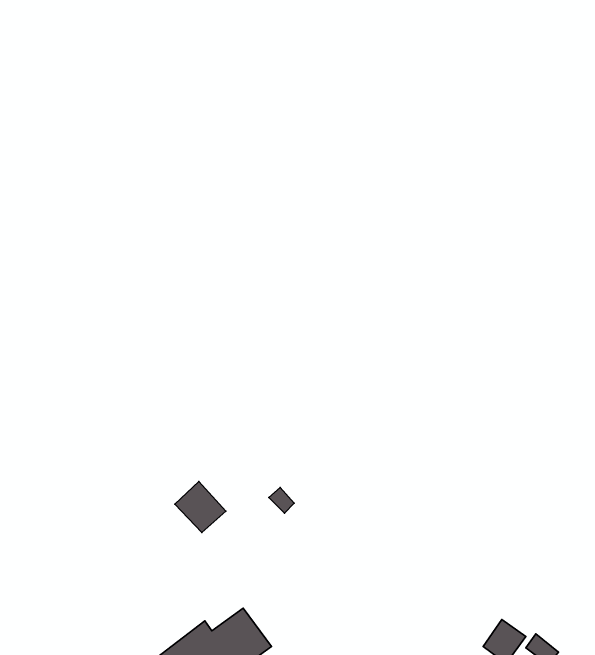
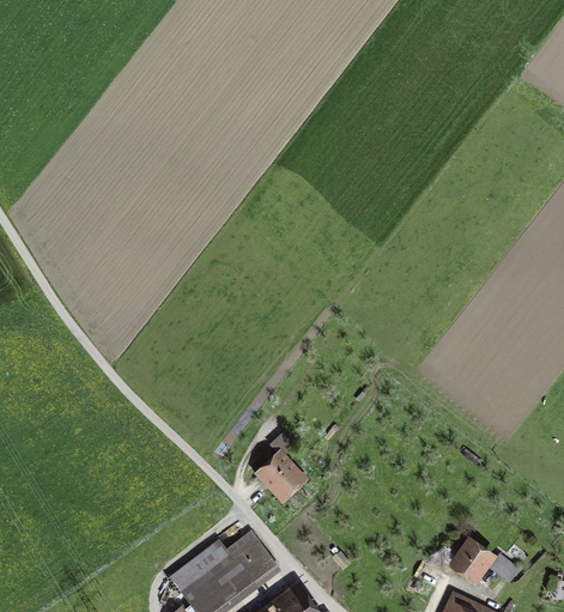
building: [175,481,226,532] -> [257,454,301,497]

